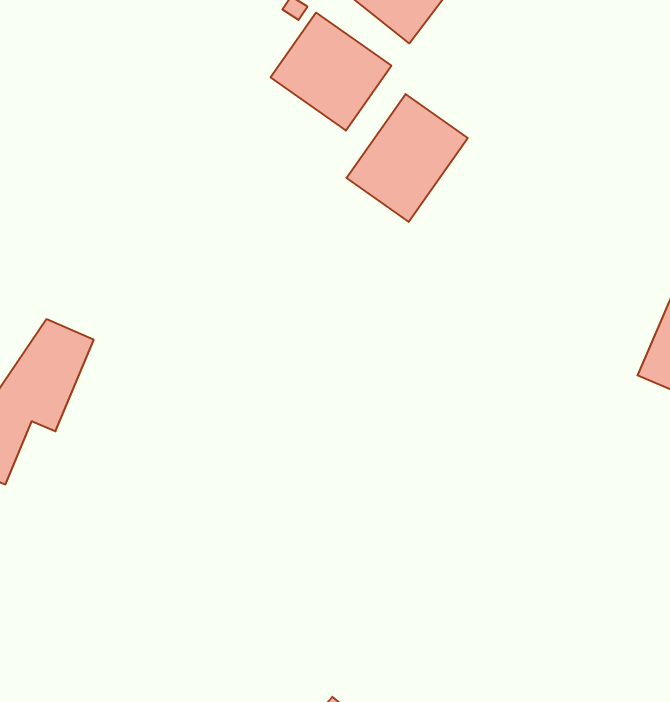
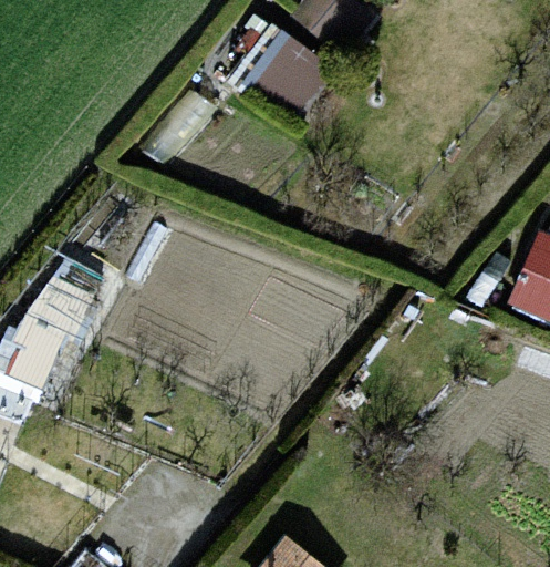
building: [346,94,468,222] -> none

